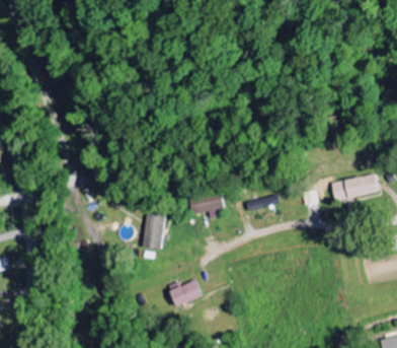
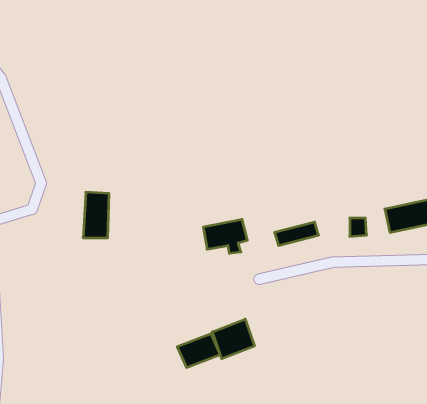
building: [143,213,163,249] -> [83,192,109,238]
building: none -> [212,319,254,359]

